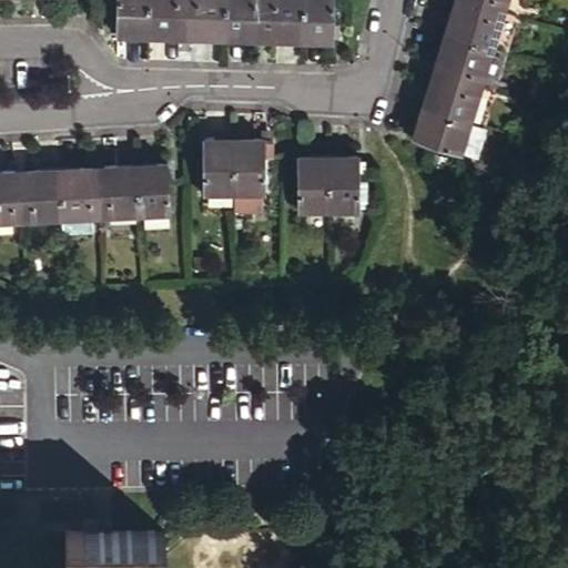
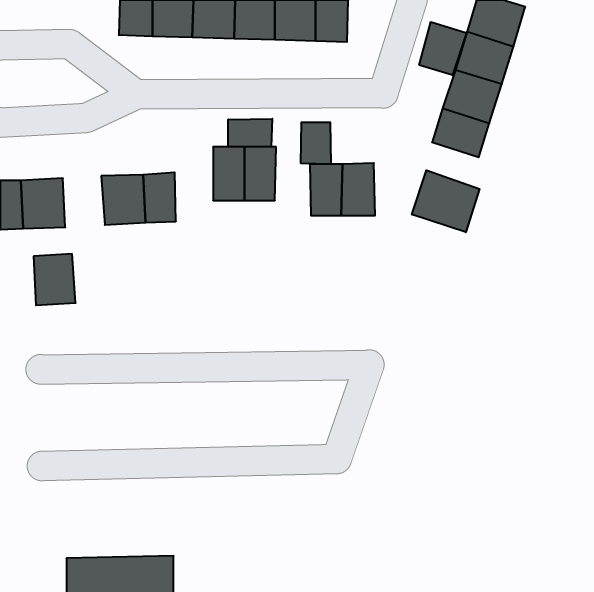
building: none -> [419,22,467,75]
building: none -> [228,119,272,147]
building: none -> [301,122,331,164]
building: none -> [412,170,480,232]
building: [61,171,101,220] -> [34,254,76,305]

